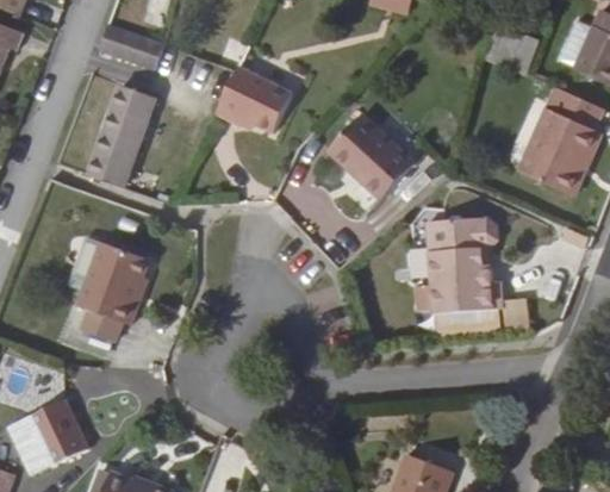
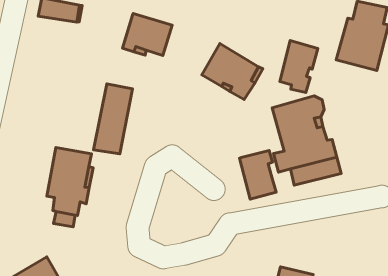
building: [92,87,158,189] -> [93,84,133,154]
building: none -> [280,41,318,93]
building: none -> [240,150,276,199]

